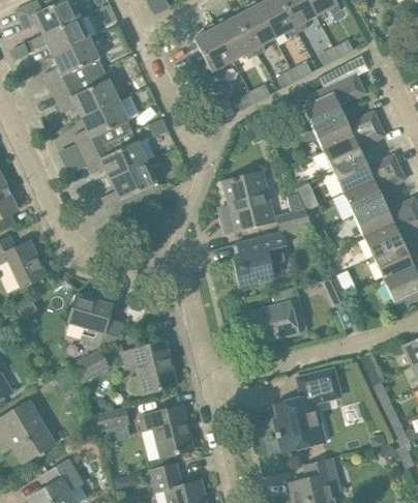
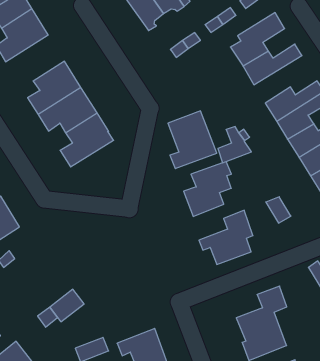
building: [53,68,118,117] -> none
building: [323,124,385,172] -> none
building: [68,294,123,349] -> none
building: [121,341,177,395] -> none

